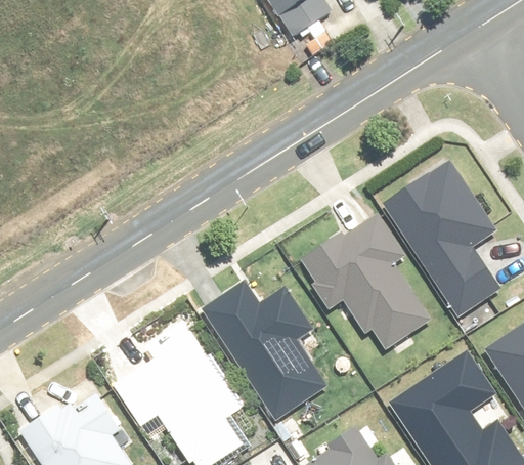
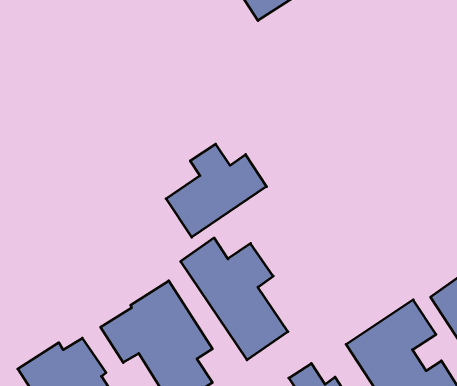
building: [384,162,497,318] -> none
building: none -> [166,144,267,237]
building: [302,217,430,349] -> none

